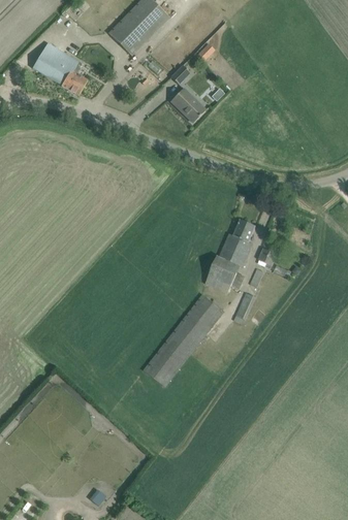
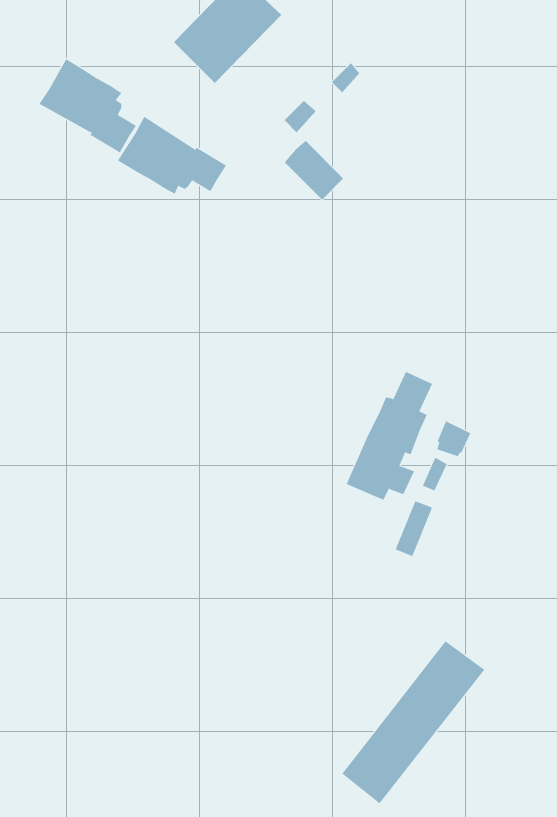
building: none -> [117,116,227,195]
building: [143,294,224,387] -> [342,641,485,804]

